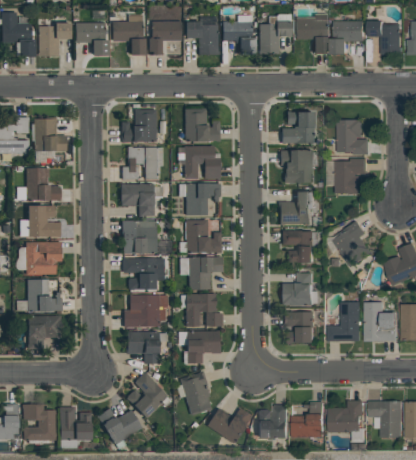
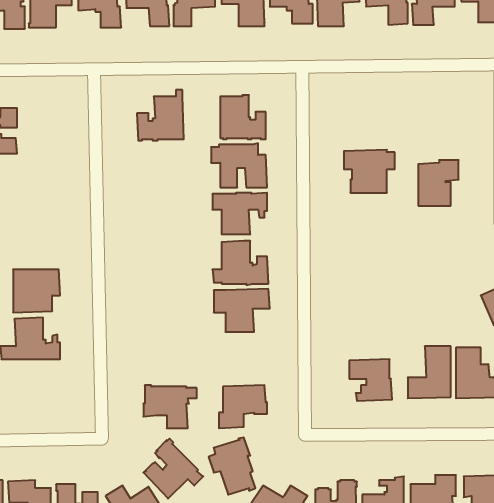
building: [281,112,314,143] -> none
building: [32,119,67,163] -> none
building: [339,119,371,154] -> none
building: [122,147,163,180] -> none
building: [26,168,61,201] -> none
building: [121,184,163,216] -> none
building: [279,192,316,225] -> none
building: [21,206,61,237] -> none
building: [335,220,373,267] -> none
building: [122,221,157,254] -> none
building: [282,230,321,262] -> none
building: [122,258,156,290] -> none
building: [281,272,320,305] -> none
building: [180,294,223,327] -> none
building: [124,295,168,327] -> none
building: [28,316,61,350] -> none

